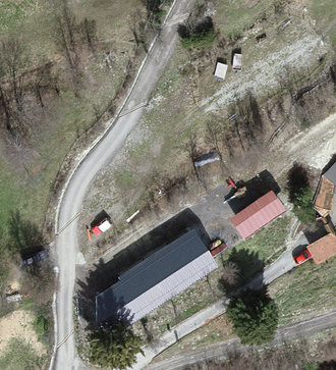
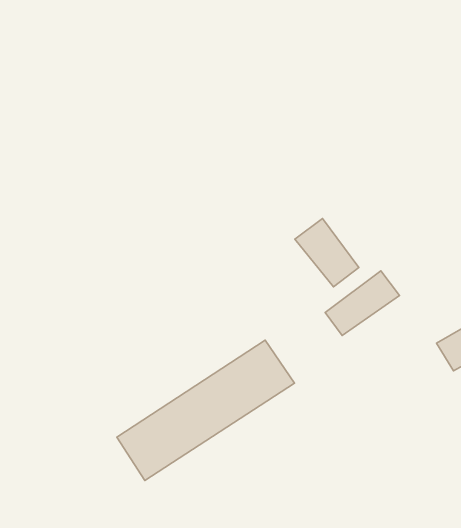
building: none -> [295,219,359,287]

